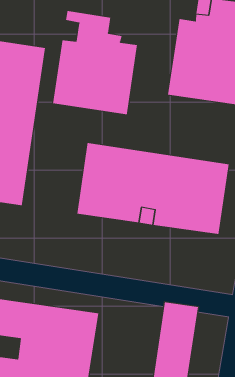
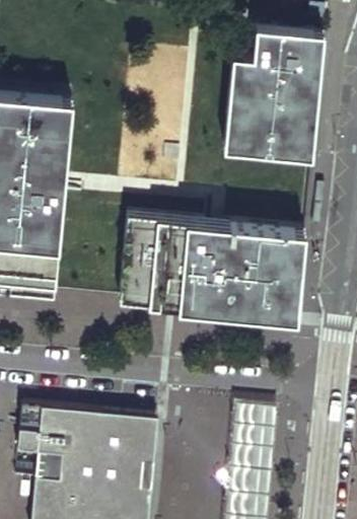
building: [53,10,138,115] -> none

